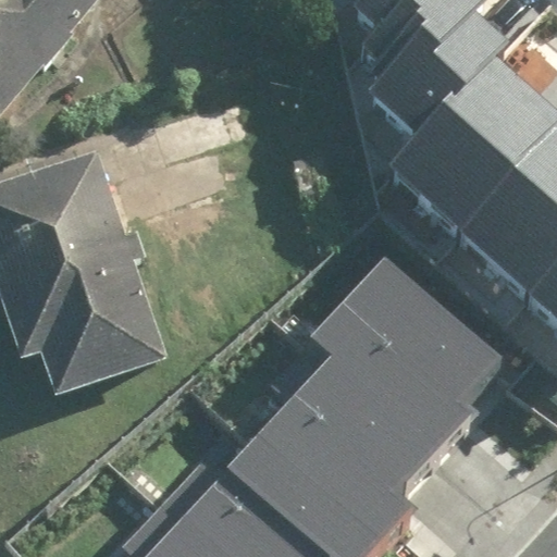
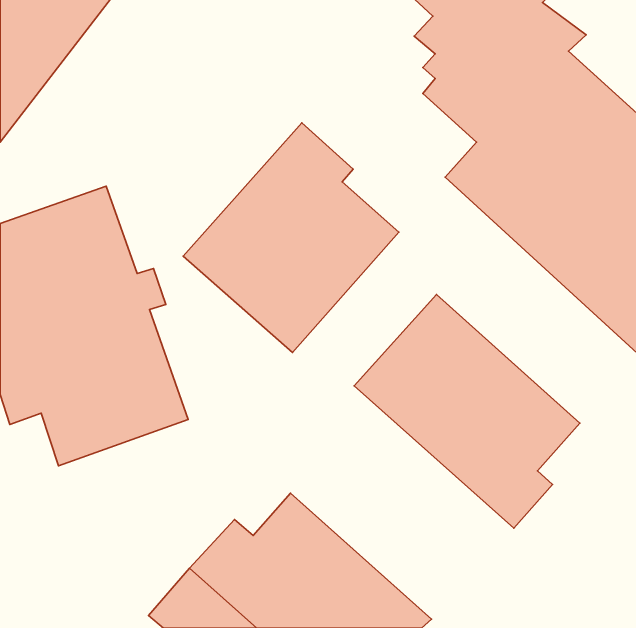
building: none -> [183,123,399,352]
building: [255,336,449,540] -> none

